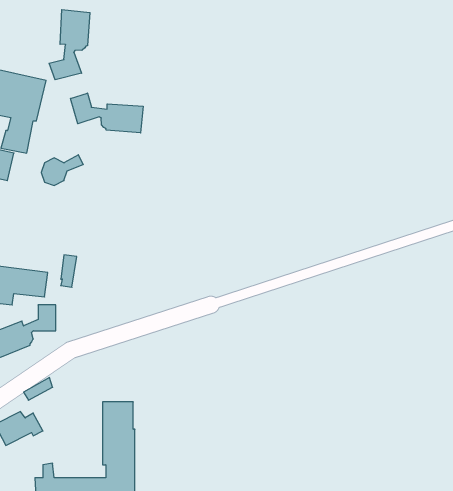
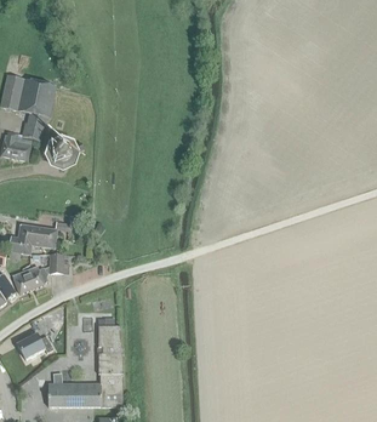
building: [49,10,90,80] -> none
building: [71,93,143,133] -> none

